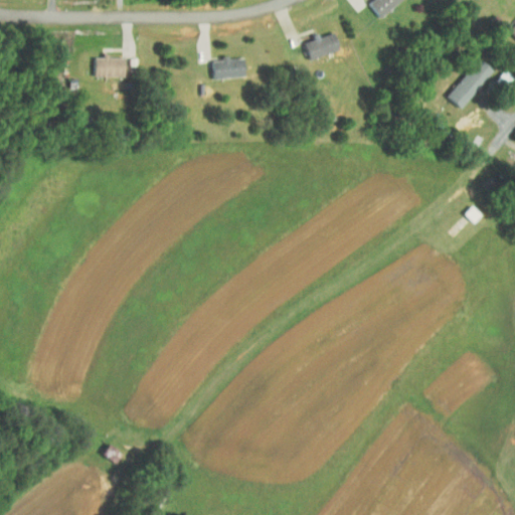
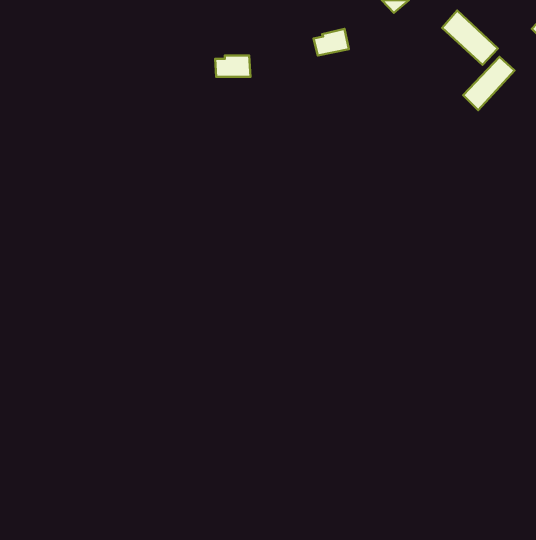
building: none -> [442,10,498,65]
building: [95,58,126,77] -> none

